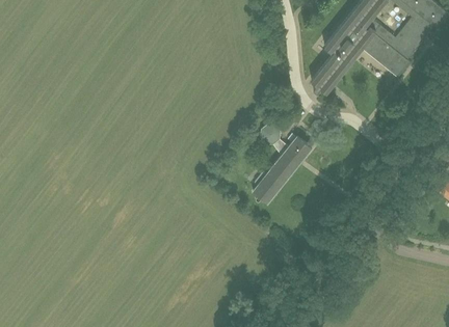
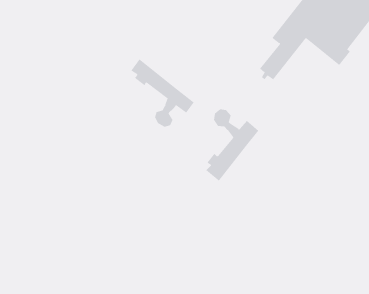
building: none -> [131,58,195,127]

